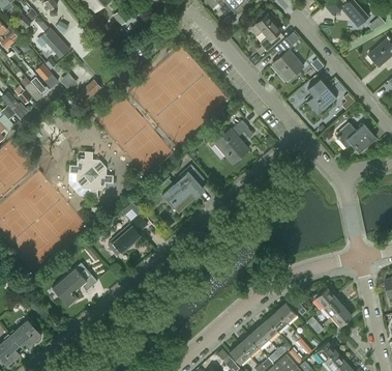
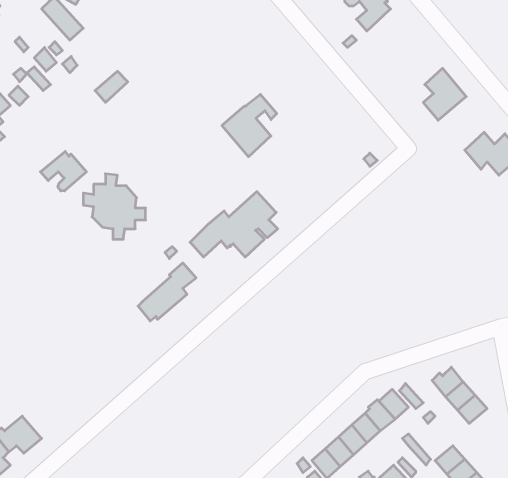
building: [273,37,305,81] -> none
building: [215,120,253,164] -> [222,94,277,157]
building: none -> [40,151,86,191]
building: [53,262,98,307] -> none

